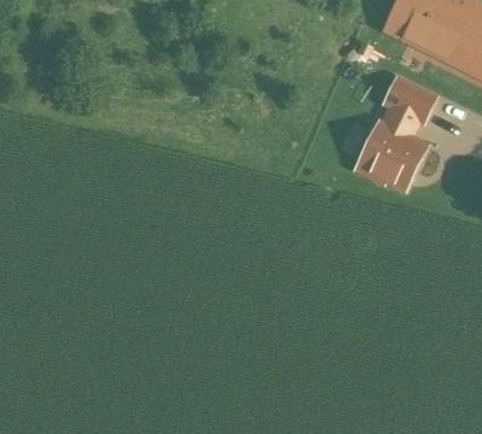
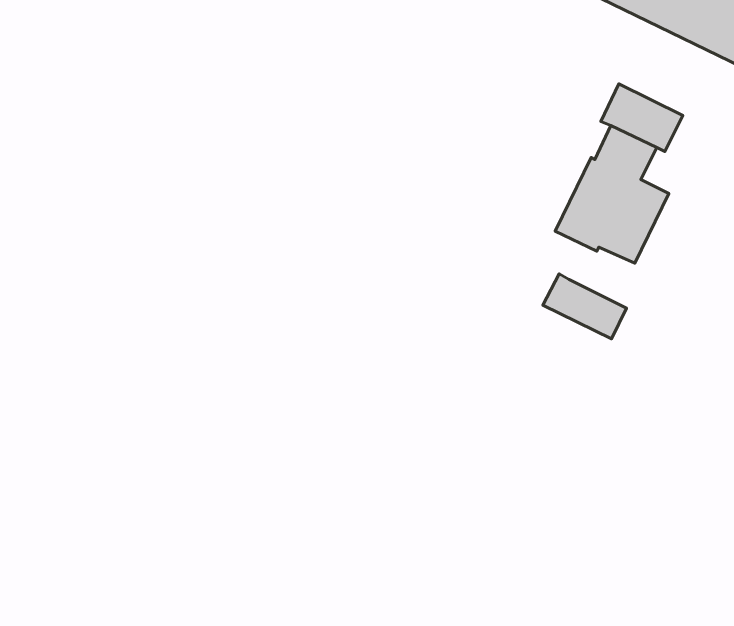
building: none -> [543,274,626,339]

